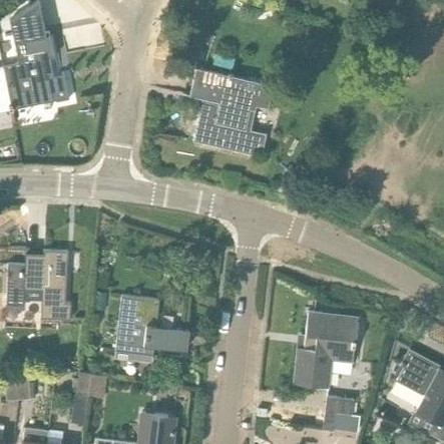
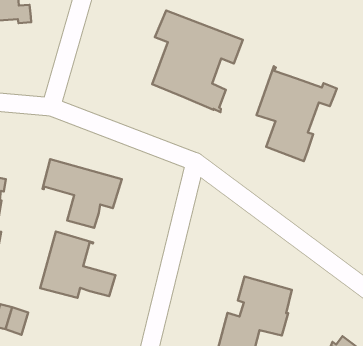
building: none -> [257,66,337,161]
building: none -> [43,159,122,228]

